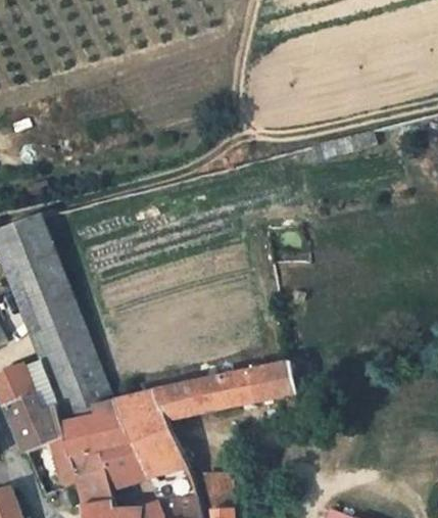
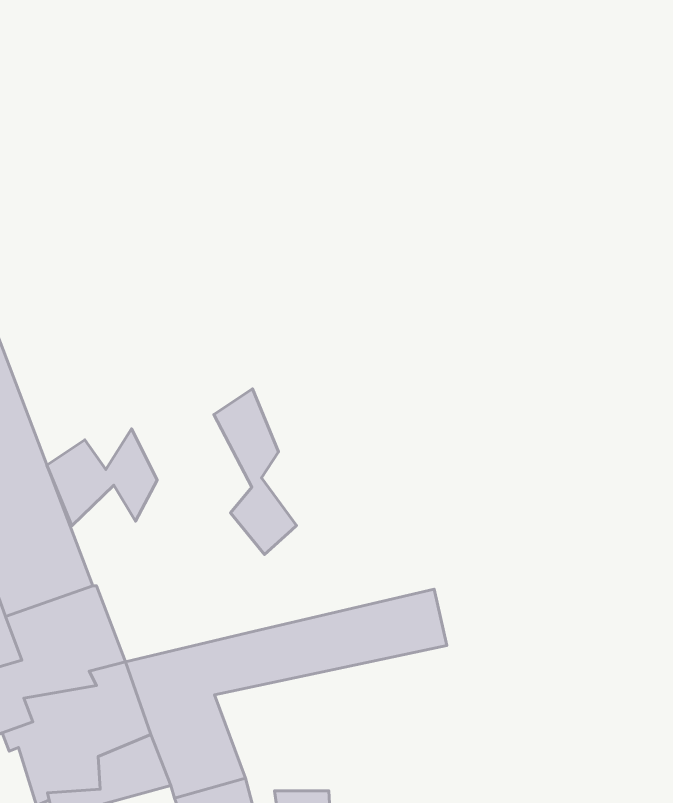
building: none -> [214,389,296,555]
building: none -> [47,429,157,526]

